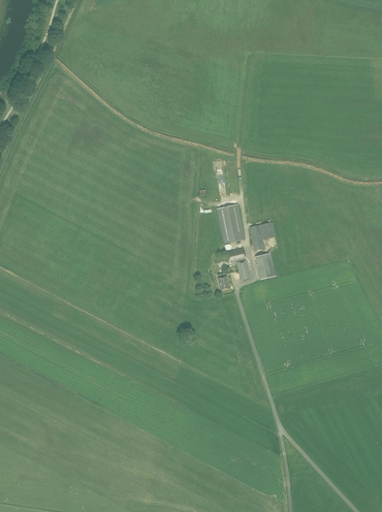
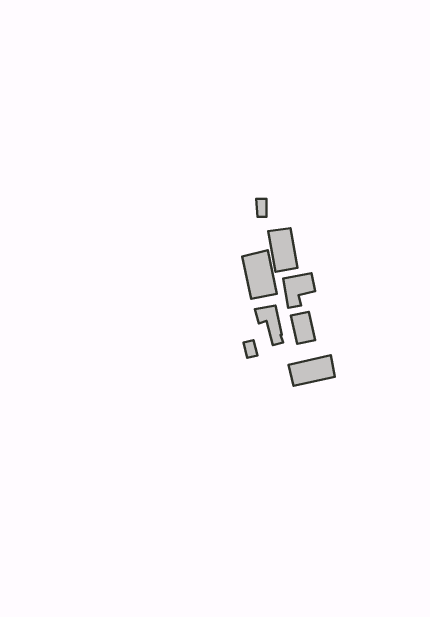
building: none -> [268,228,298,272]
building: none -> [289,355,335,386]

